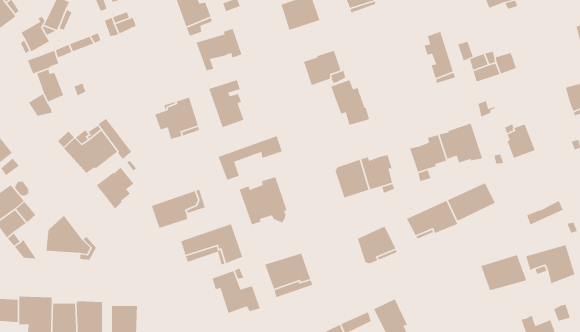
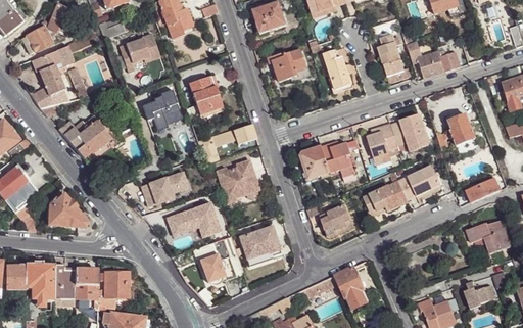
building: [196,28,242,71] -> [118,33,159,71]
building: [330,79,370,126] -> [318,48,352,89]
building: [96,167,134,209] -> none
building: [480,254,527,291] -> none

